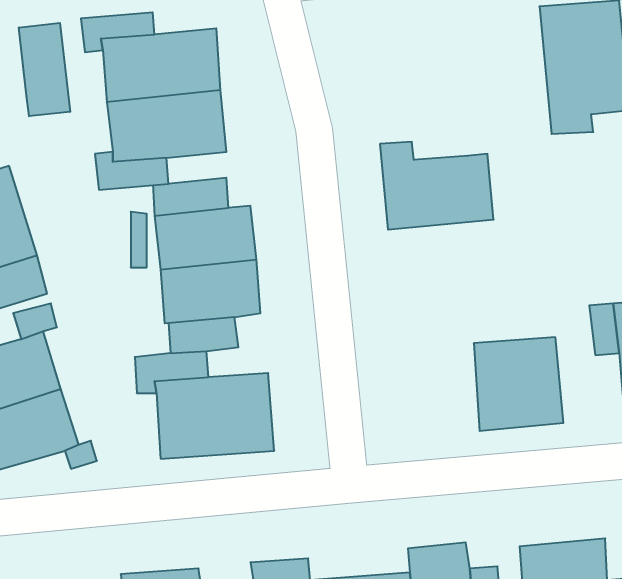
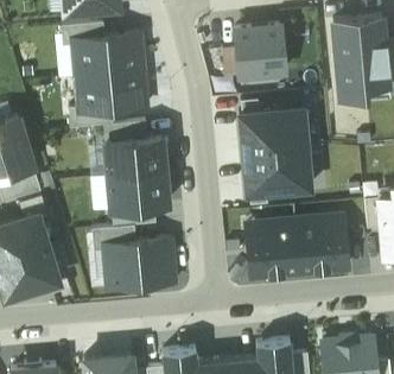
building: none -> [237,26,287,76]
building: [19,23,70,116] -> none
building: none -> [244,147,311,205]
building: none -> [248,221,299,277]

